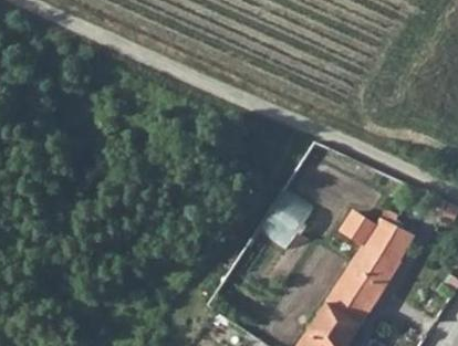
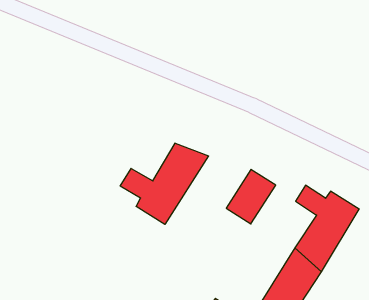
building: none -> [120,143,209,224]

